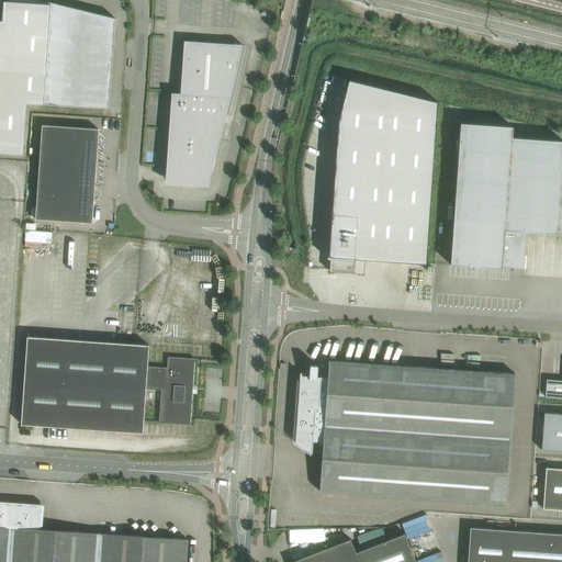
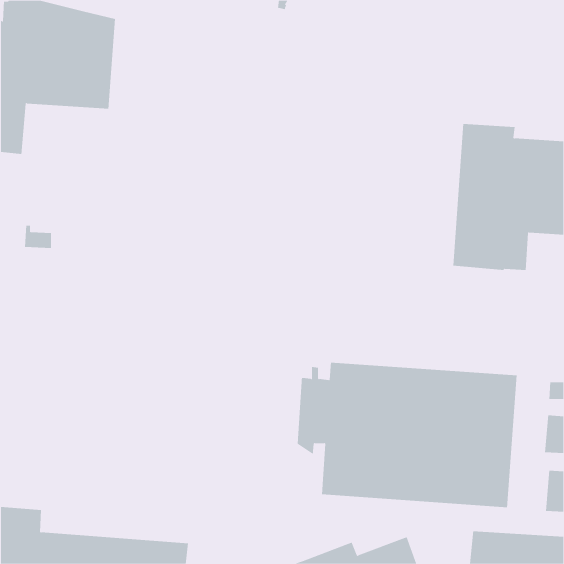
building: [166,41,243,182] -> none
building: [327,79,438,272] -> none
building: [35,125,99,223] -> none
building: [21,336,194,432] -> none

